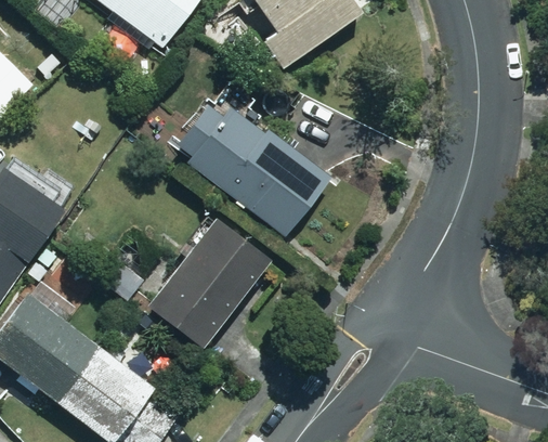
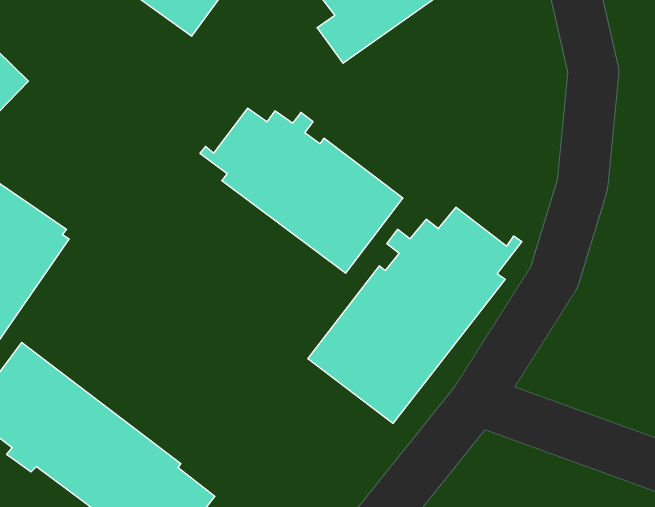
building: none -> [308,207,522,423]
building: [147,218,271,348] -> none

